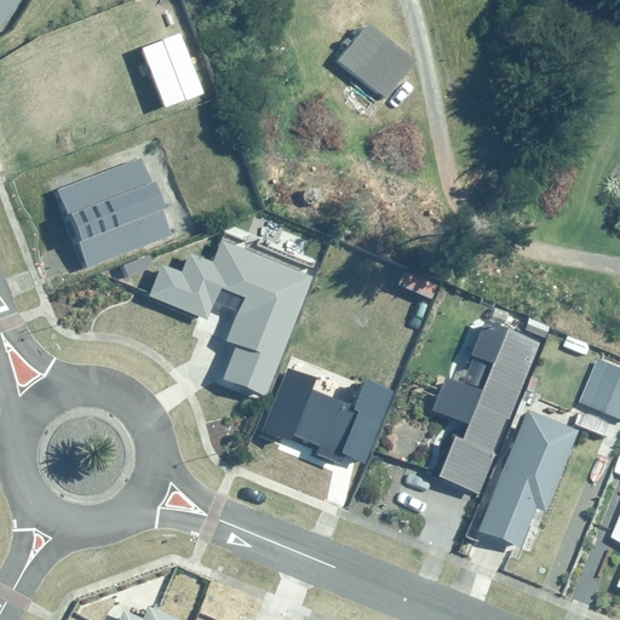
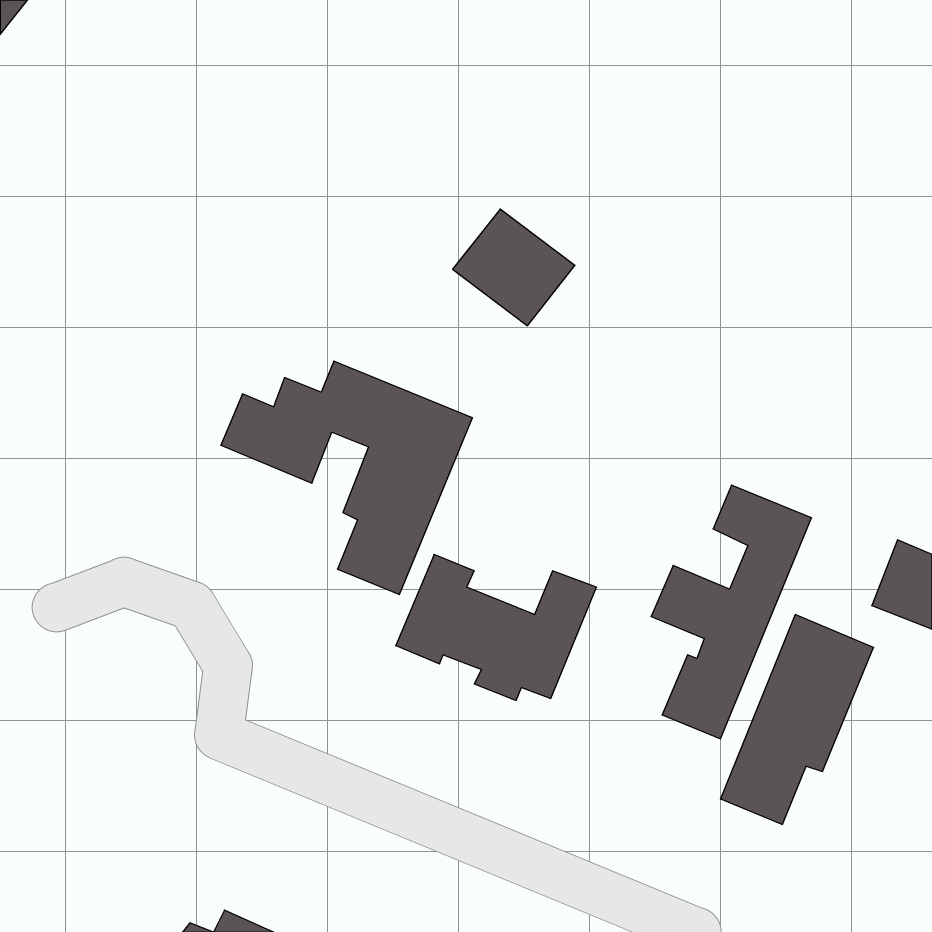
building: [335,22,417,99] -> [453,209,575,326]
building: [140,35,201,108] -> none
building: [57,159,170,266] -> none

